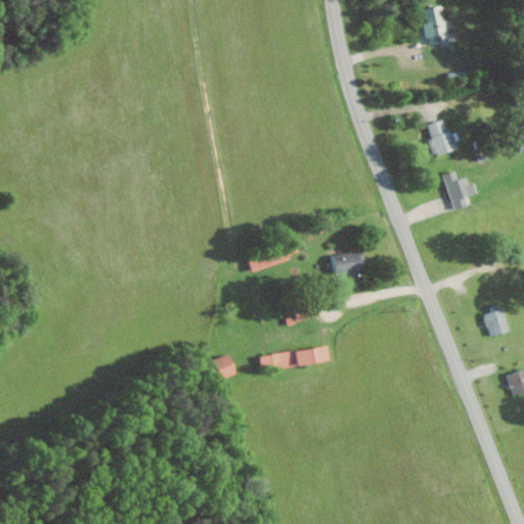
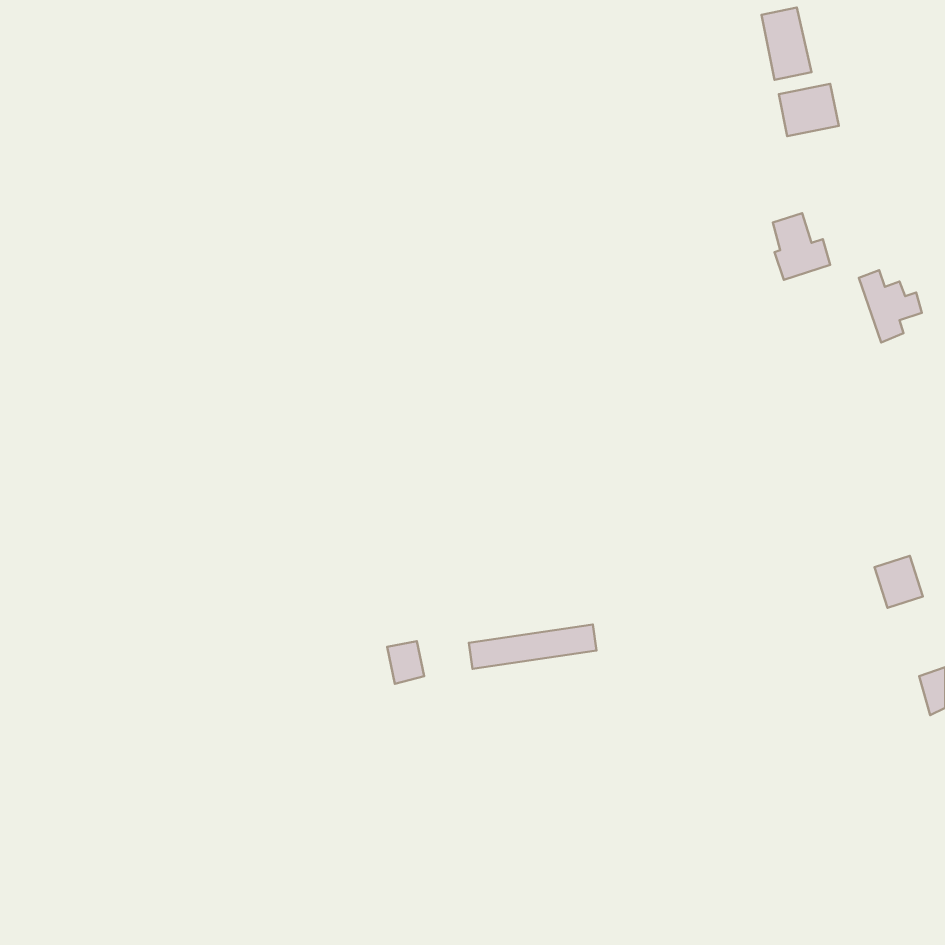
building: none -> [779,84,839,136]
building: [442,170,477,210] -> [859,270,922,343]
building: [332,251,364,278] -> none

